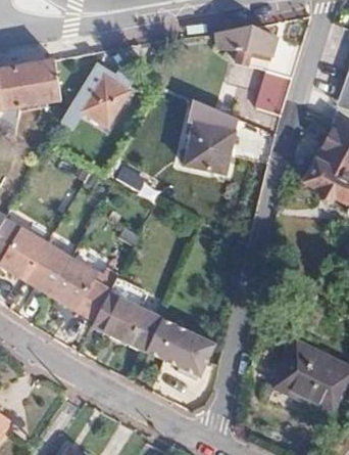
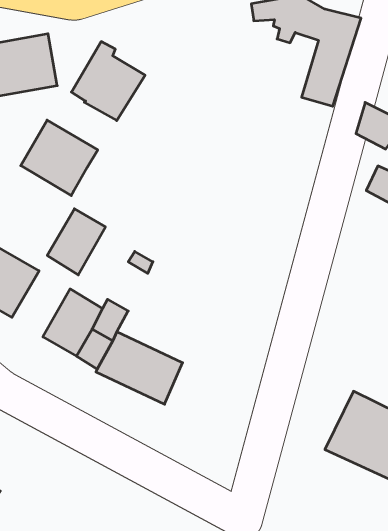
building: [185,99,237,172] -> none
building: none -> [21,120,98,196]
building: [26,243,71,295] -> [47,209,105,275]
building: [146,316,215,375] -> none

